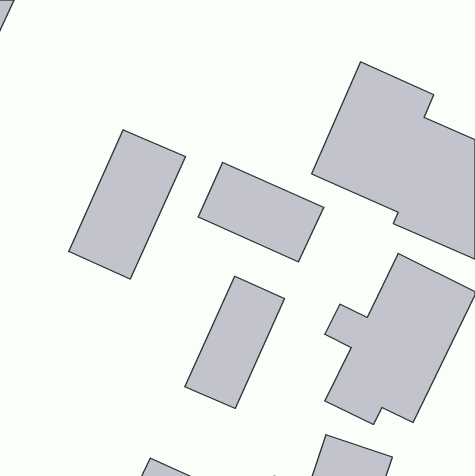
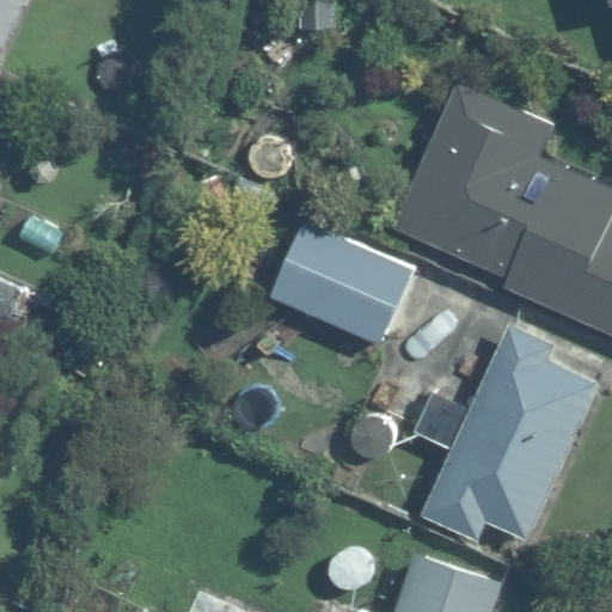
building: [69,130,186,279] -> none
building: [185,276,285,408] -> none

